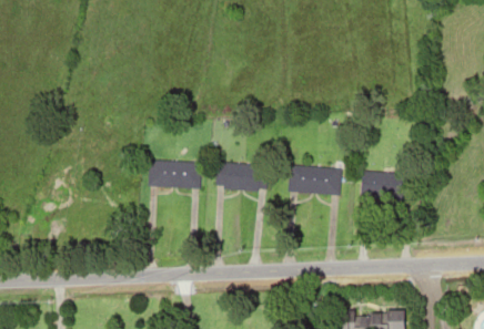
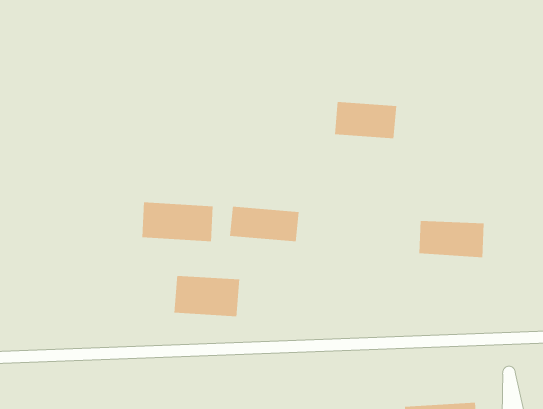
building: [291,166,340,195] -> [334,101,397,139]
building: none -> [174,275,240,317]

